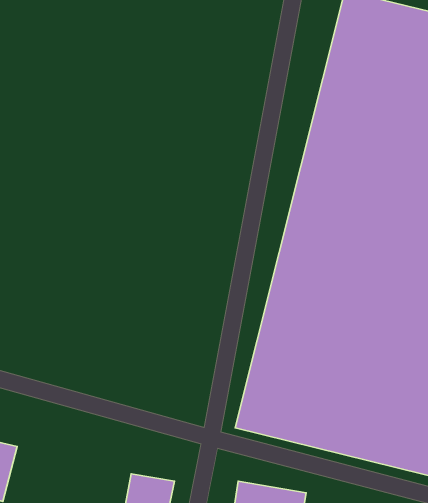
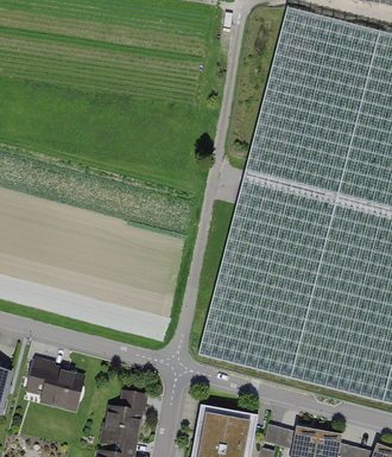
building: none -> [31,360,88,408]

